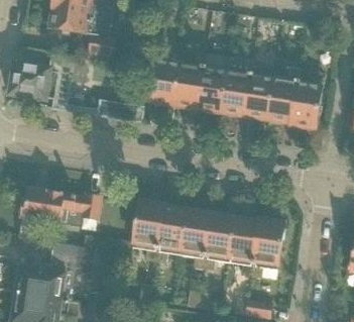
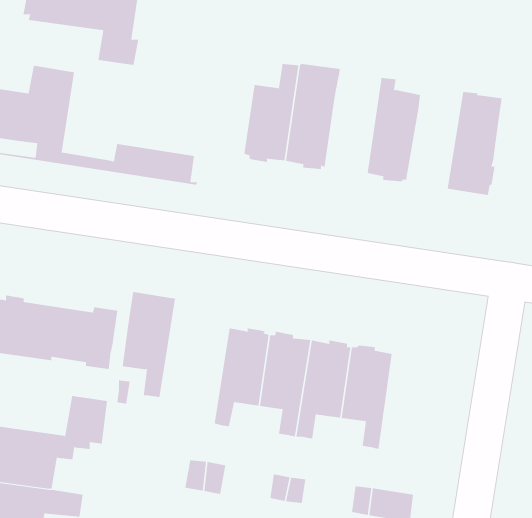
building: [148,45,179,106] -> none
building: [220,55,252,116] -> none
building: [267,66,300,124] -> none
building: [133,199,164,260] -> [122,292,176,398]
building: [251,218,285,277] -> none

